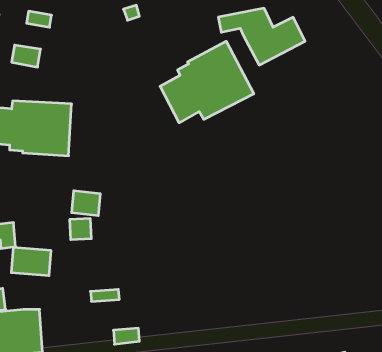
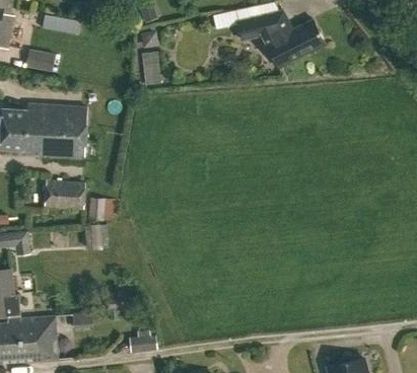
building: [160,41,254,123] -> none
building: none -> [139,51,159,85]
building: [11,248,51,276] -> [44,180,84,209]

